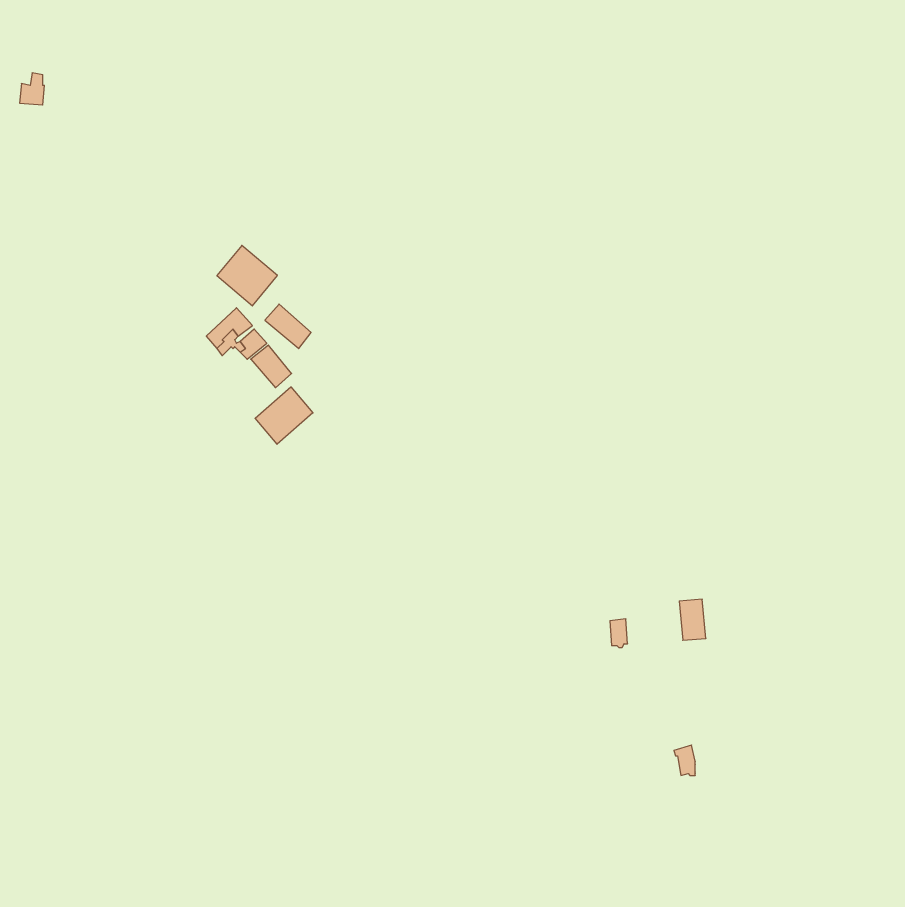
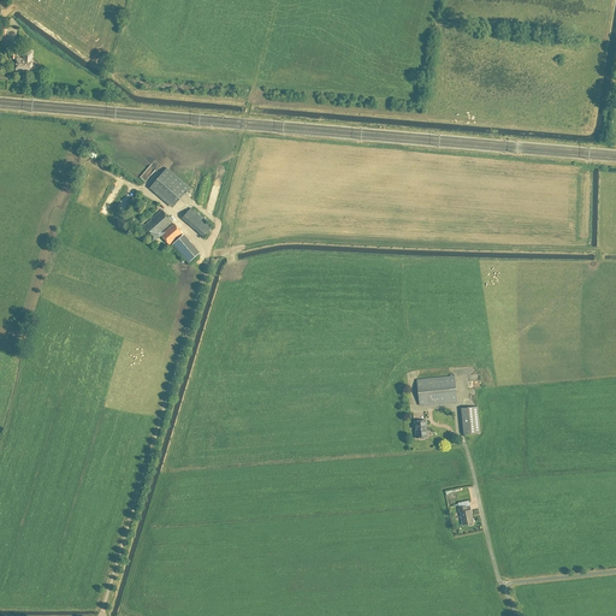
building: [255,387,313,444] -> none
building: none -> [415,373,455,404]

